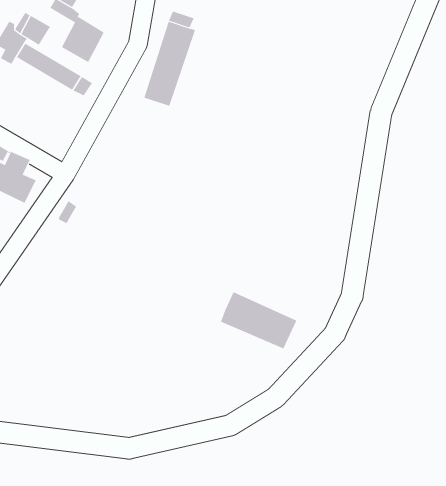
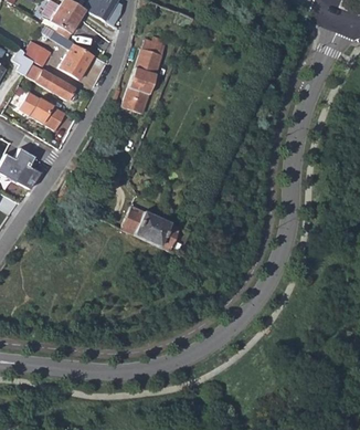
building: none -> [18,93,64,133]
building: [220,291,297,349] -> [121,204,180,249]

